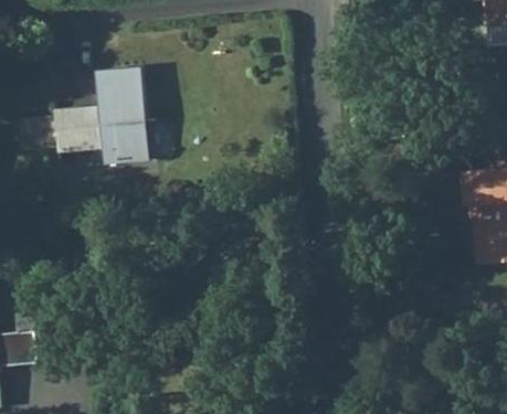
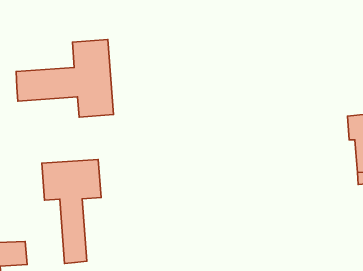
building: none -> [42,159,101,263]

